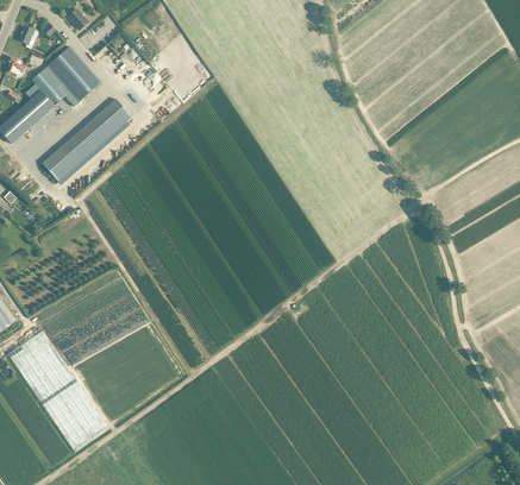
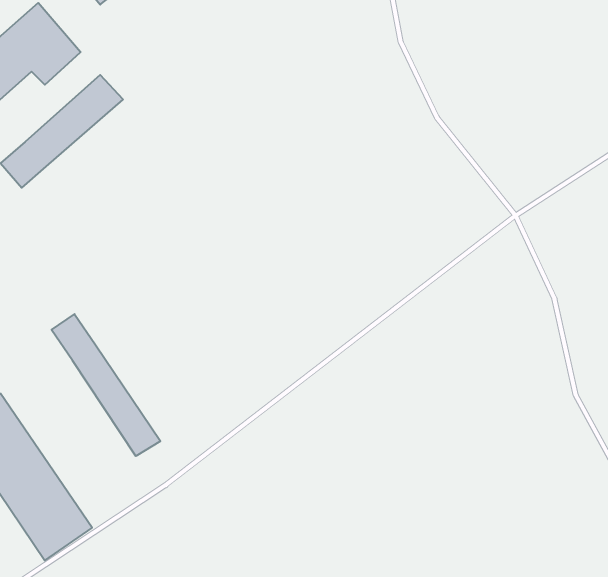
building: none -> [52,314,160,456]

